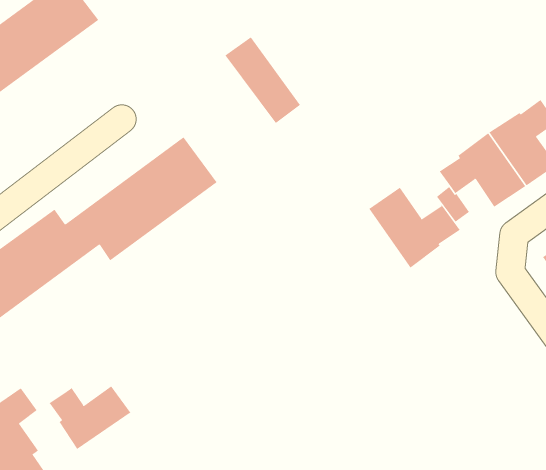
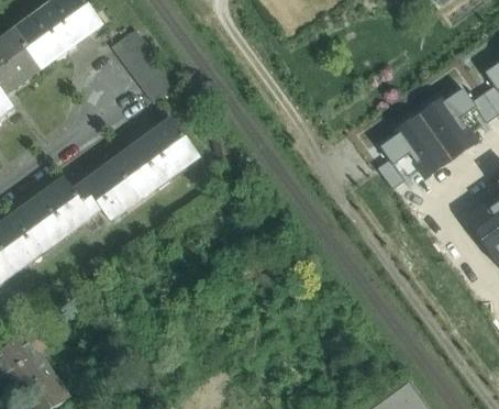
building: [224,37,301,124] -> [112,29,175,100]
building: [369,187,461,268] -> none
building: [49,386,131,450] -> none

